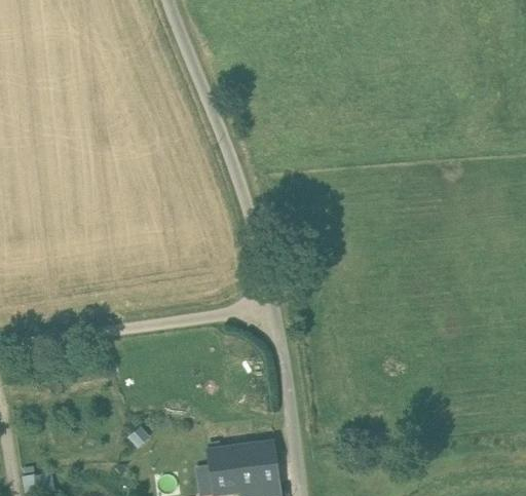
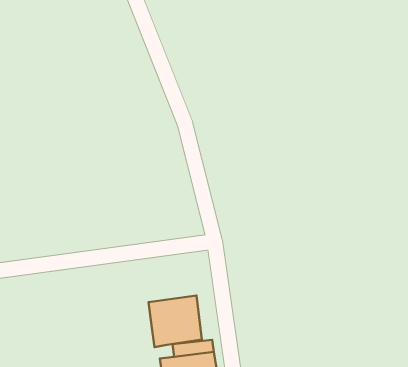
building: none -> [149,295,202,347]

